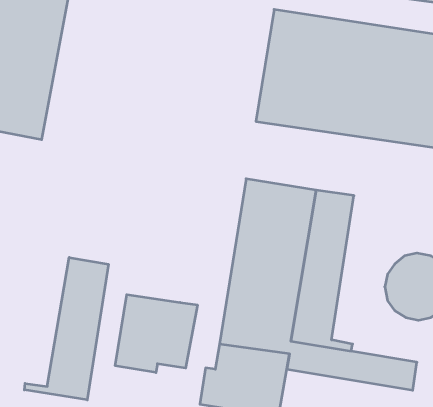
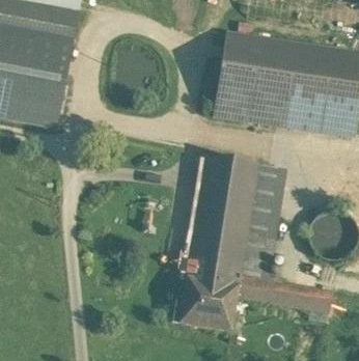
building: [24,257,108,400] -> none
building: [115,295,197,373] -> none

